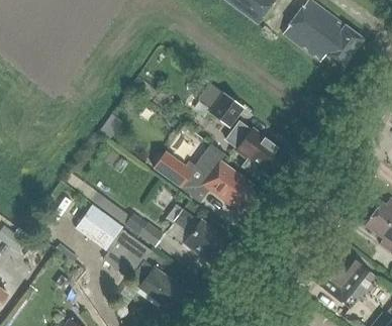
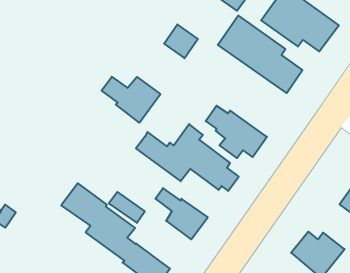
building: none -> [218,16,302,93]
building: [206,91,241,126] -> [164,24,198,58]
building: none -> [102,77,160,123]

